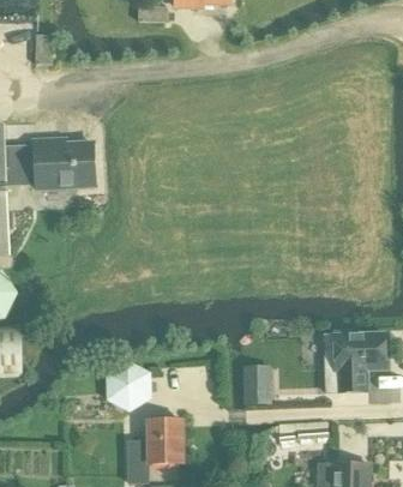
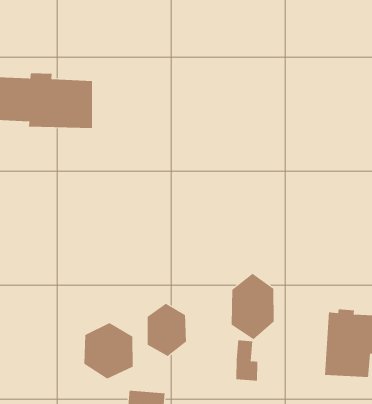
building: none -> [231,273,274,340]
building: none -> [147,303,186,357]

